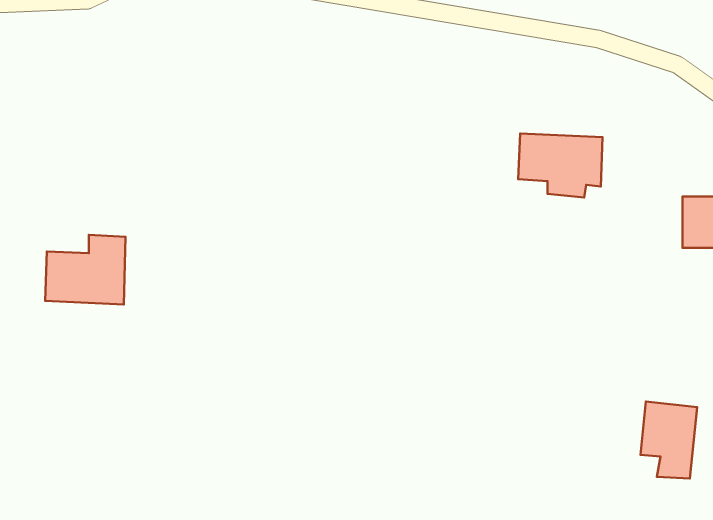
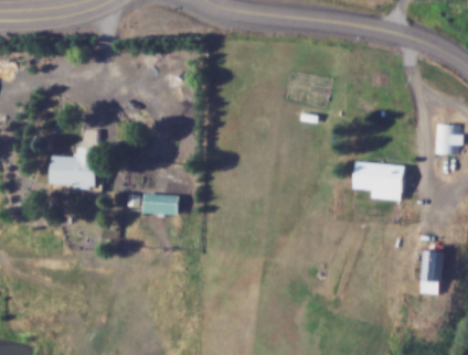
building: [518,133,603,198] -> [352,161,403,200]
building: none -> [141,194,177,215]

